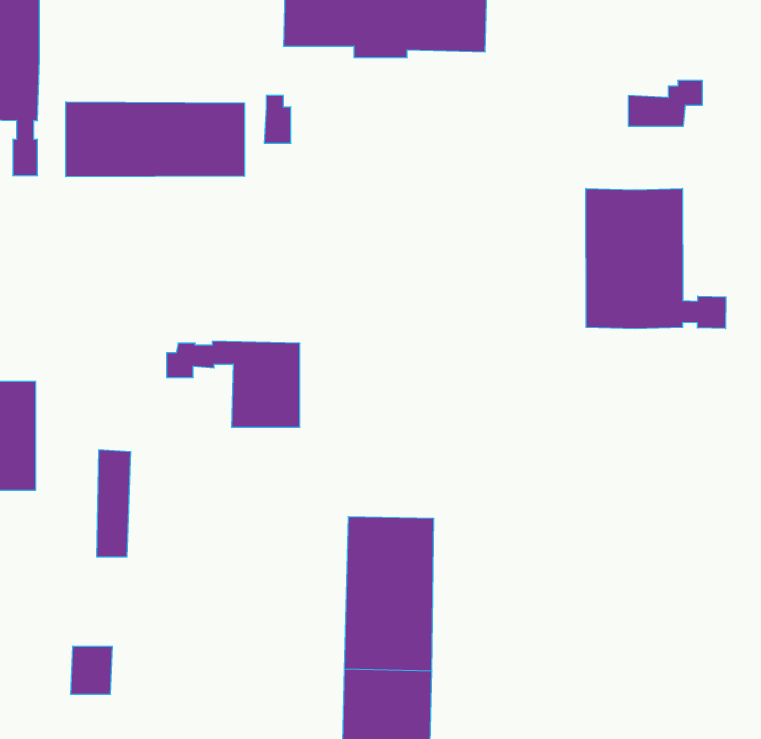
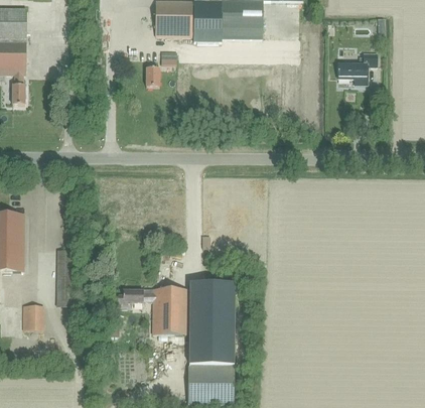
building: [66,102,245,177] -> none
building: [586,188,726,329] -> none
building: [167,341,300,427] -> [118,287,188,332]
building: [70,646,112,694] -> [22,303,44,328]

